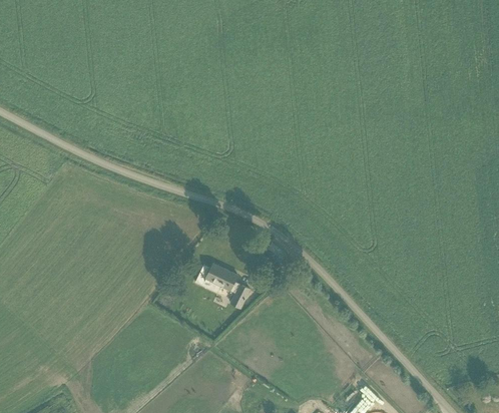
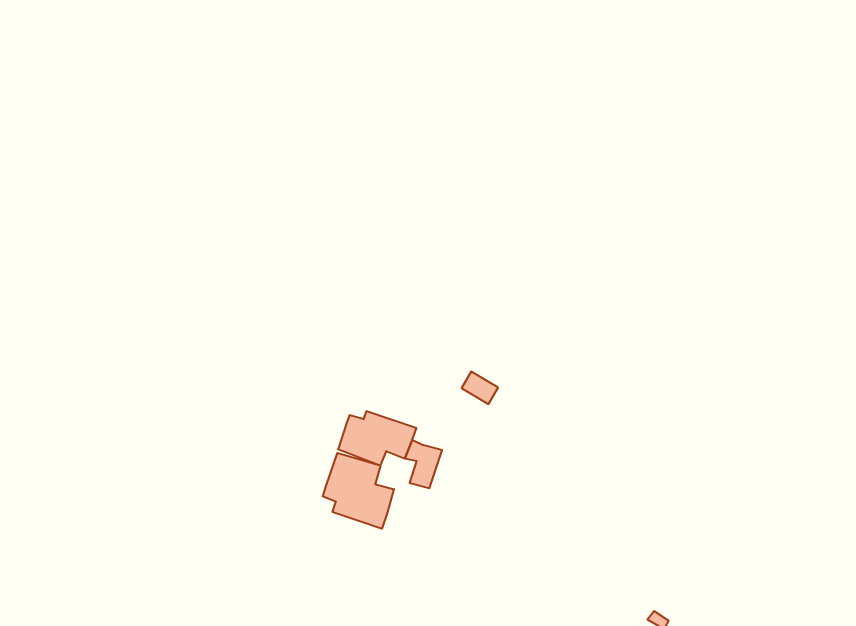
building: none -> [323,453,394,529]

